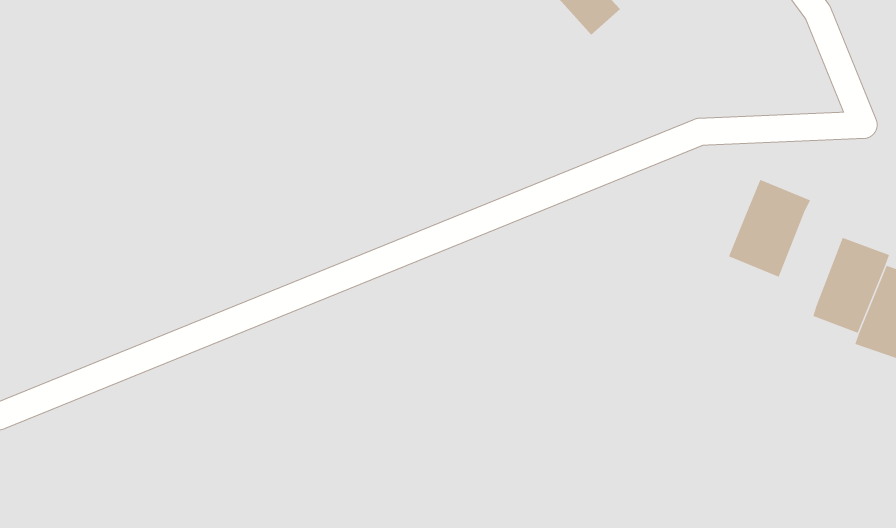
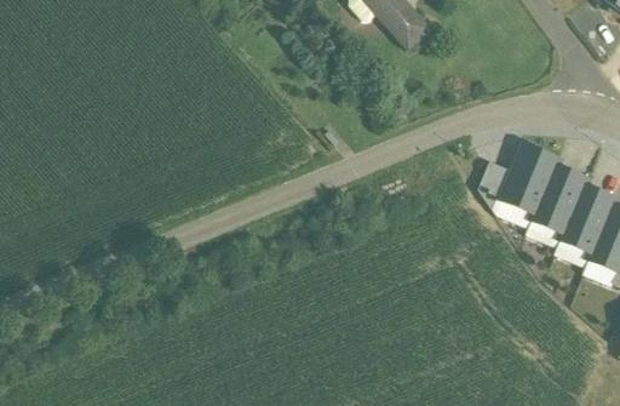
building: none -> [477,160,513,207]
building: none -> [534,166,584,231]

